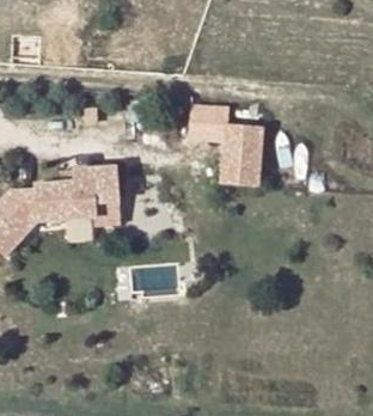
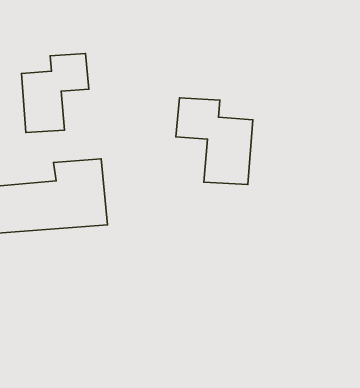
building: none -> [21,54,89,132]

